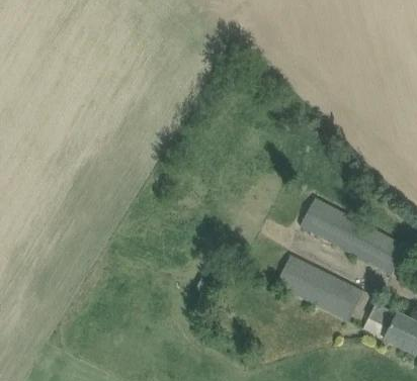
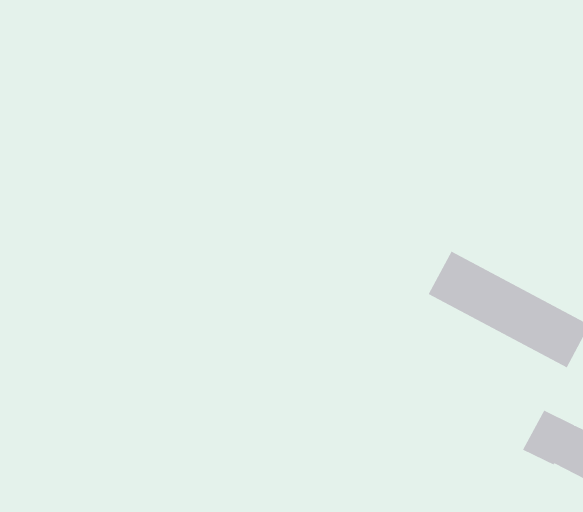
building: [276,255,364,321] -> none

